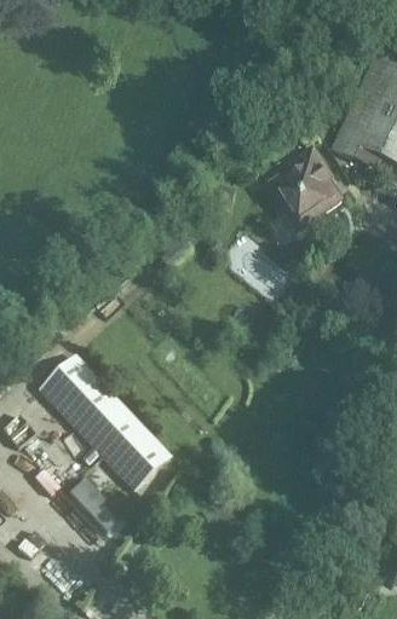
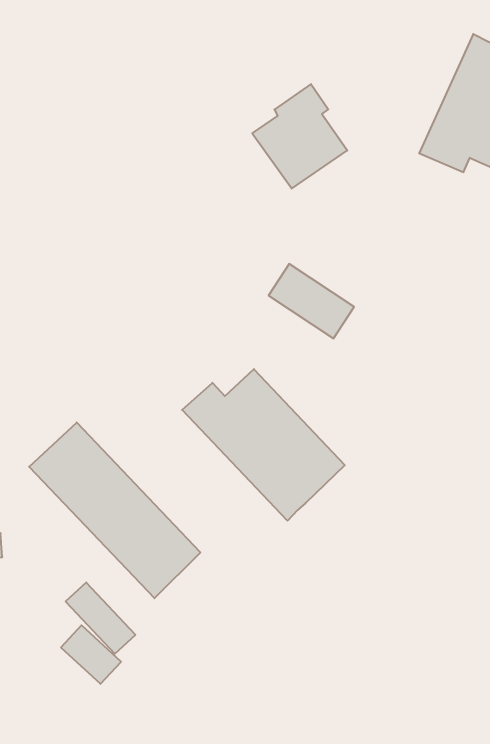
building: [266,150,339,230] -> [252,84,347,189]
building: none -> [182,369,345,521]

